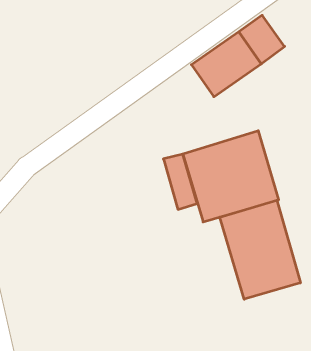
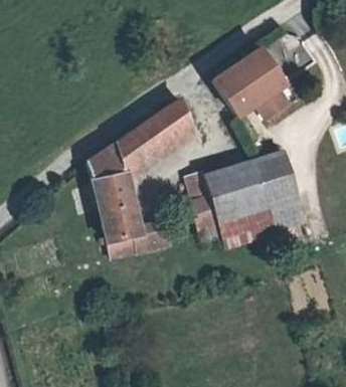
building: none -> [88,103,188,251]
building: [220,200,300,299] -> none

